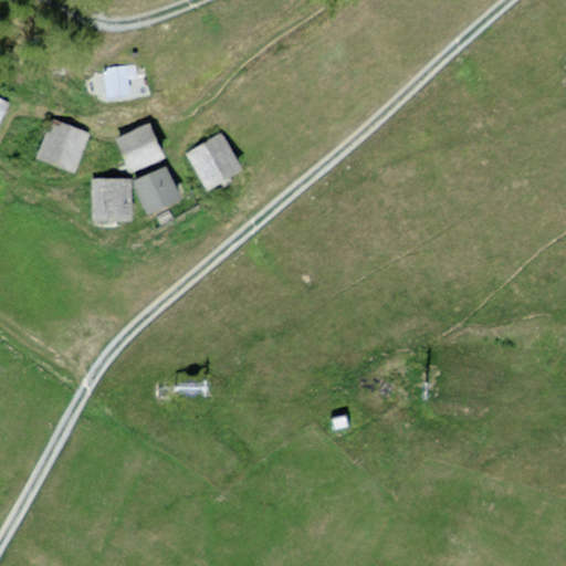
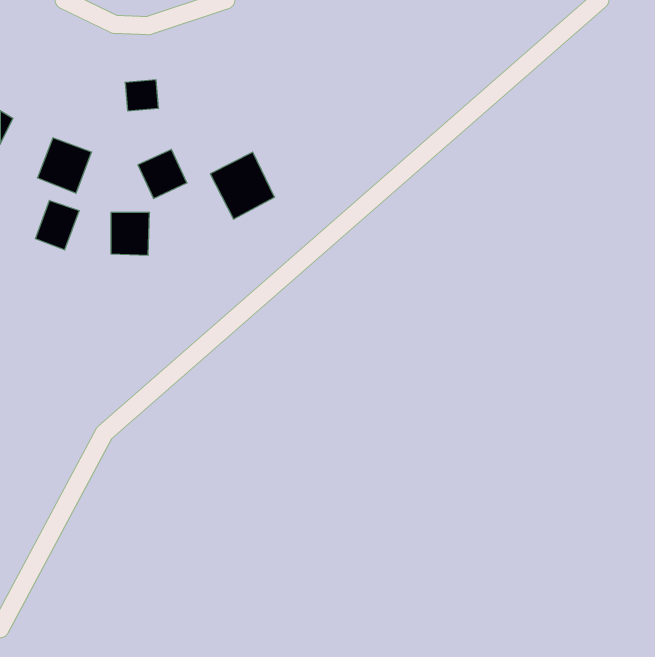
building: [140,172,181,213] -> none
building: none -> [35,200,79,250]

